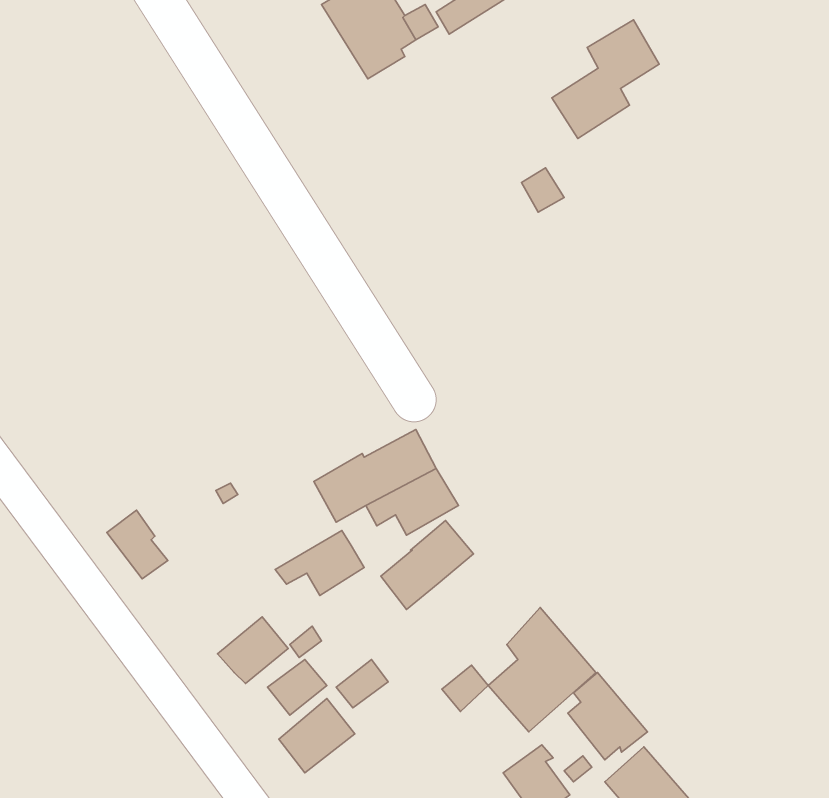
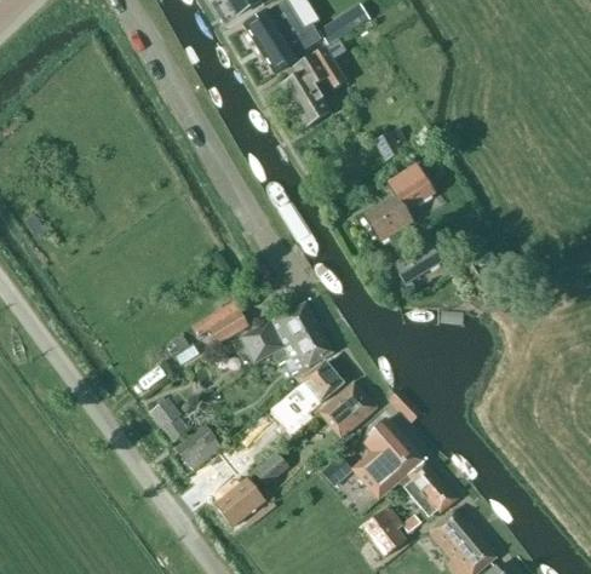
building: [552,20,659,139] -> [362,165,432,242]
building: none -> [282,46,346,125]
building: none -> [394,241,442,283]
building: [107,510,168,579] -> [149,396,189,441]
building: [275,531,364,595] -> [189,300,247,343]
building: none -> [319,380,377,437]

